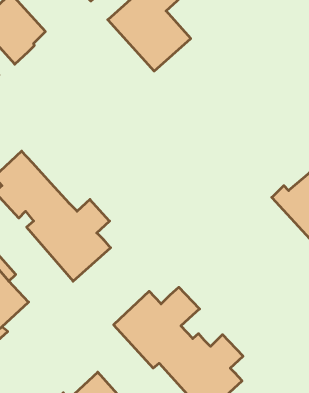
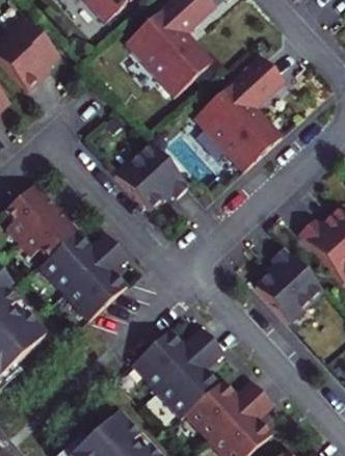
building: none -> [193,59,282,172]
building: none -> [115,141,188,210]
building: none -> [258,248,326,323]

